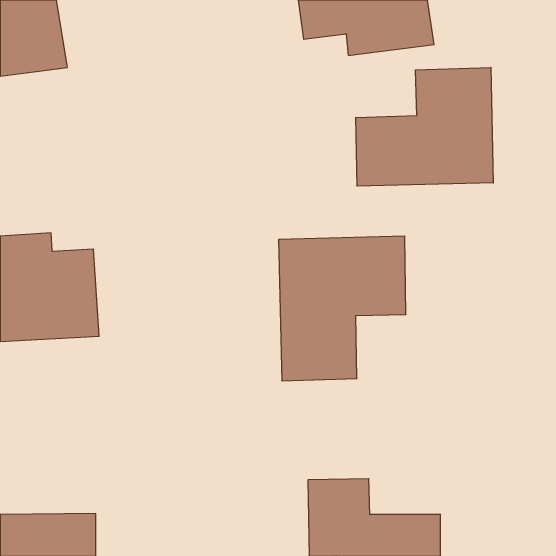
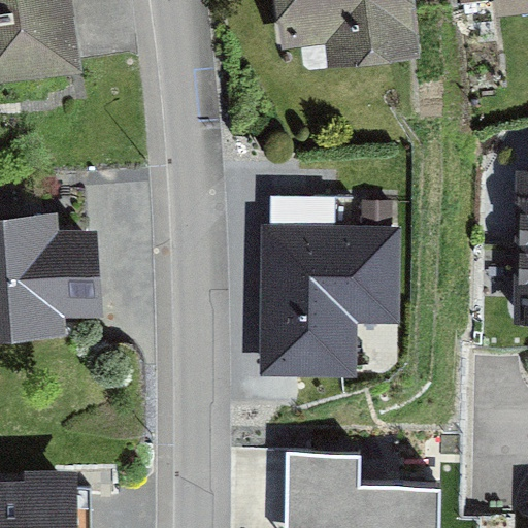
building: [356,67,493,186] -> none

